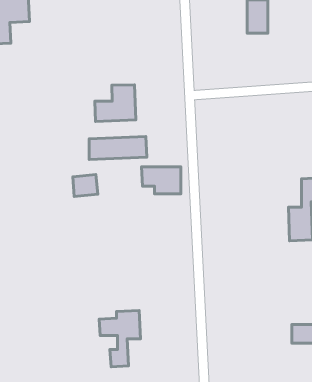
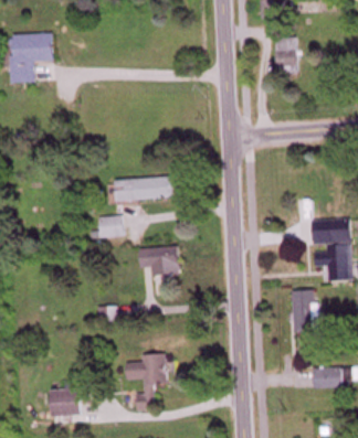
building: [95,85,136,121] -> none
building: [142,167,181,194] -> [139,247,179,275]
building: none -> [293,290,320,331]
building: none -> [50,380,78,415]

